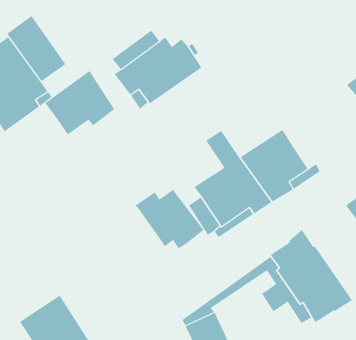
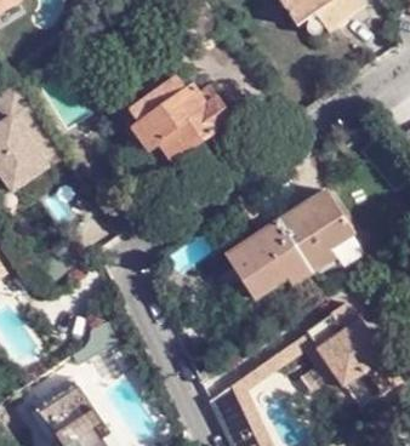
building: [6,15,66,82] -> none
building: [44,70,115,135] -> none
building: [135,189,204,249] -> none

